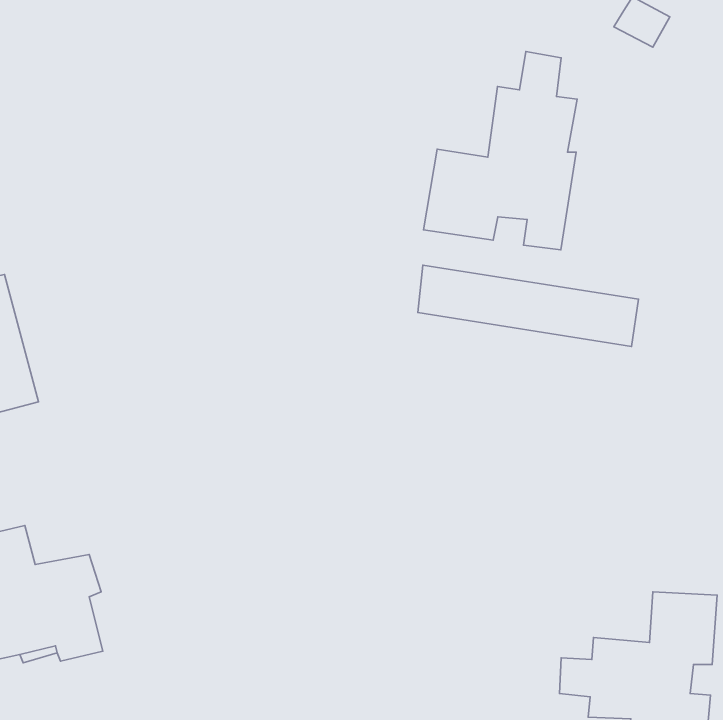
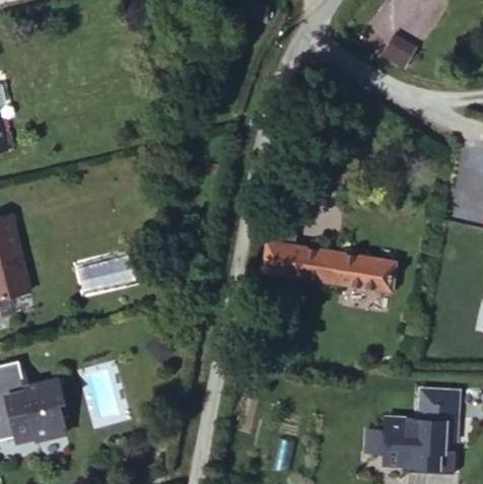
building: [424,51,577,250] -> none
building: [418,265,638,347] -> [247,244,378,292]

